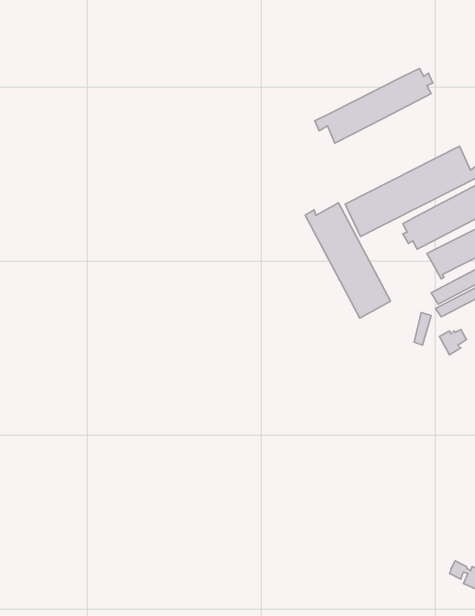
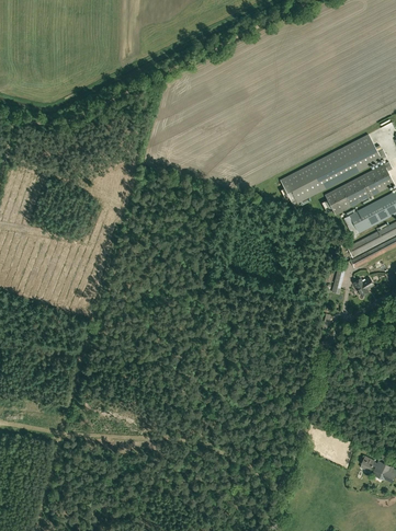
building: [315,68,433,143] -> none
building: [305,203,390,318] -> none

